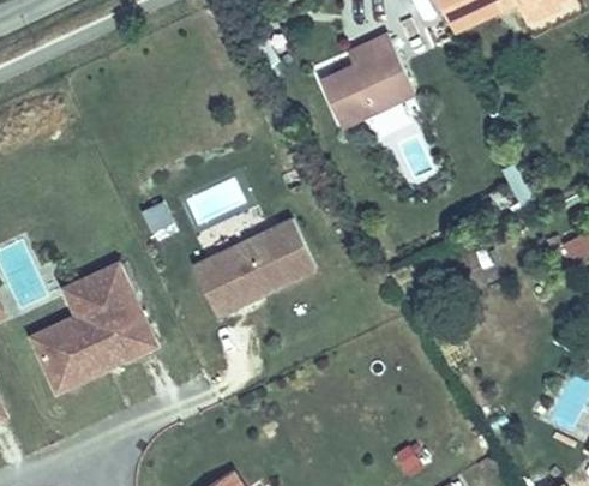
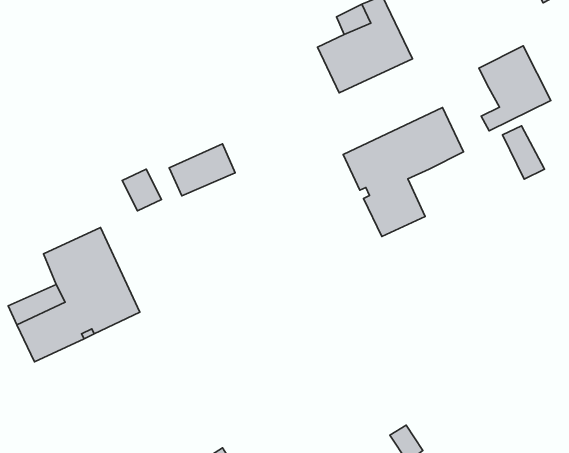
building: none -> [479,46,551,131]
building: none -> [343,107,464,237]
building: [192,216,315,312] -> none

